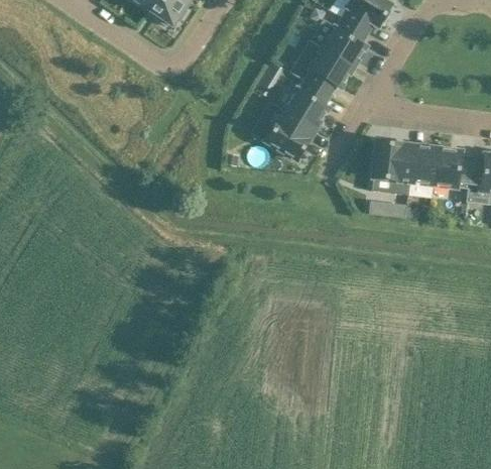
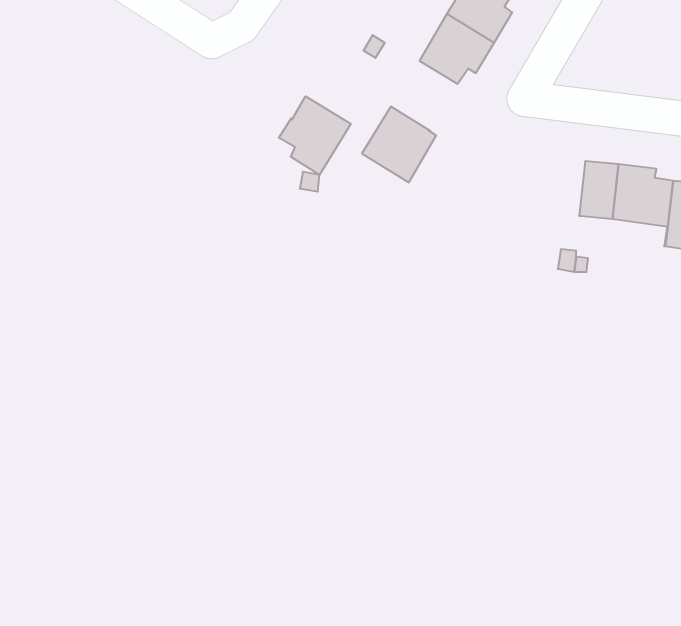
building: [284,79,329,128] -> none
building: none -> [279,96,351,175]
building: [371,141,413,195] -> none

